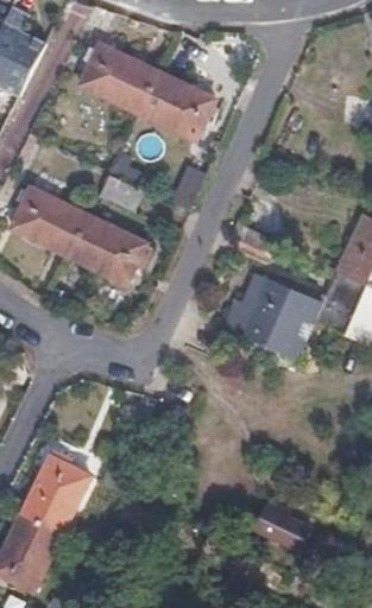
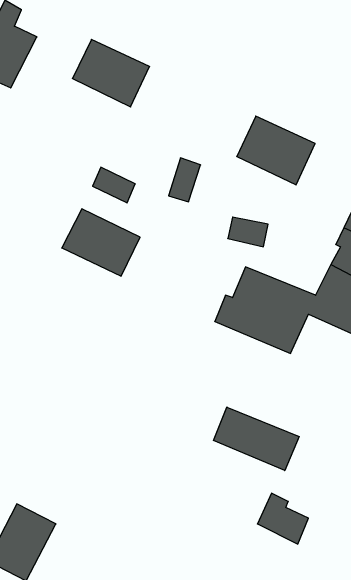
building: [137,72,215,141] -> [237,116,315,185]
building: [11,186,88,254] -> none
building: none -> [214,407,299,471]
building: [23,455,90,531] -> none

